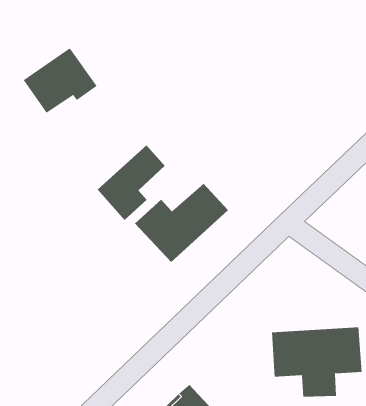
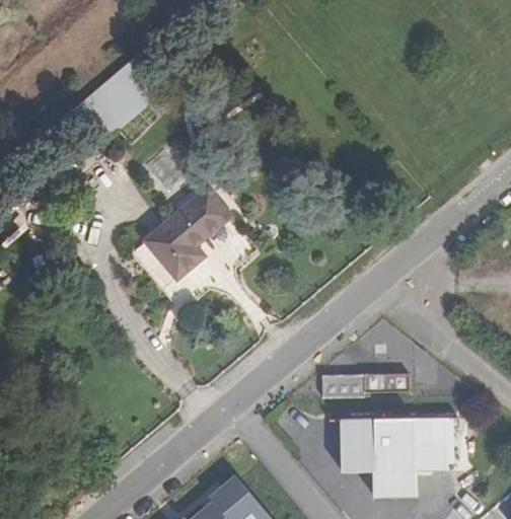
building: [134,183,229,263] -> none
building: none -> [323,374,407,398]

